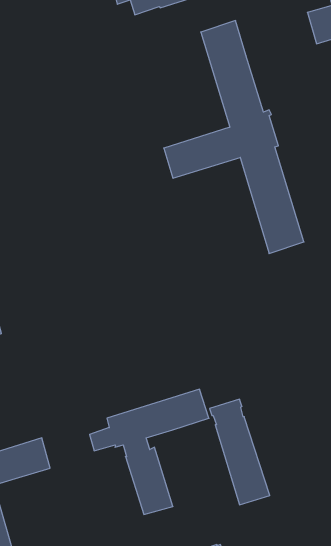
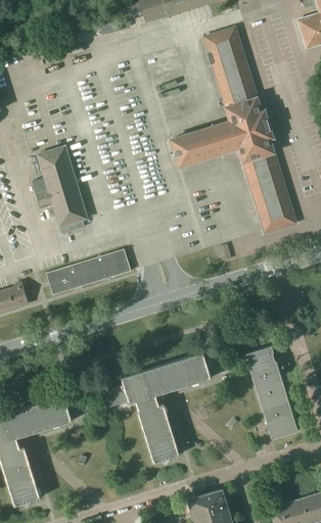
building: none -> [32,146,88,234]
building: none -> [46,249,131,295]
building: [210,399,270,505] -> [245,346,299,439]

